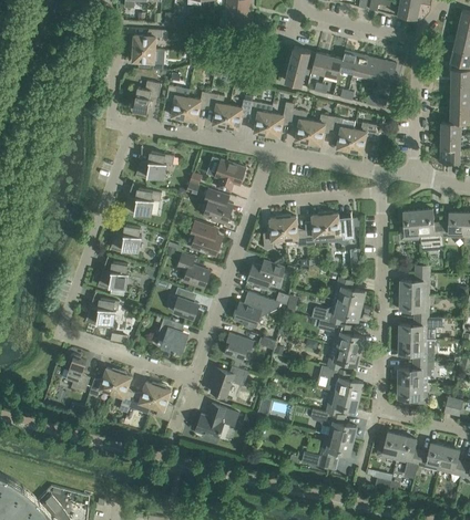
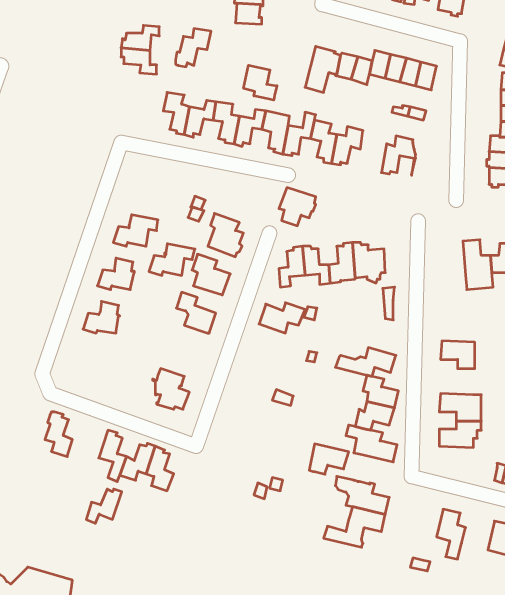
building: none -> [244,65,277,100]
building: [131,81,161,113] -> [176,29,211,67]
building: [331,117,355,153] -> none
building: [135,152,174,178] -> [149,244,195,275]
building: [214,159,245,191] -> [279,188,316,226]
building: [399,210,420,240] -> none
building: [400,272,429,295] -> none
building: [335,278,365,306] -> none
building: [172,289,198,319] -> none
building: [233,291,285,326] -> none
building: [84,298,119,324] -> none
building: [399,318,442,340] -> none
building: [223,333,254,361] -> none
building: [210,365,248,397] -> none
building: [89,367,119,396] -> [86,489,122,523]
building: [398,383,427,404] -> none
building: [326,389,359,415] -> [309,444,349,474]
building: [194,403,238,439] -> none
building: [376,433,401,459] -> none
building: [417,443,445,470] -> none

